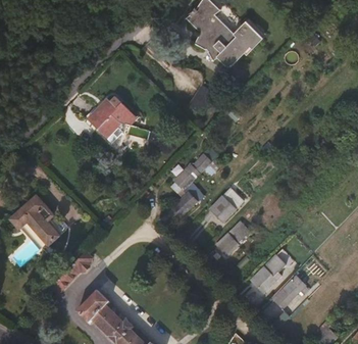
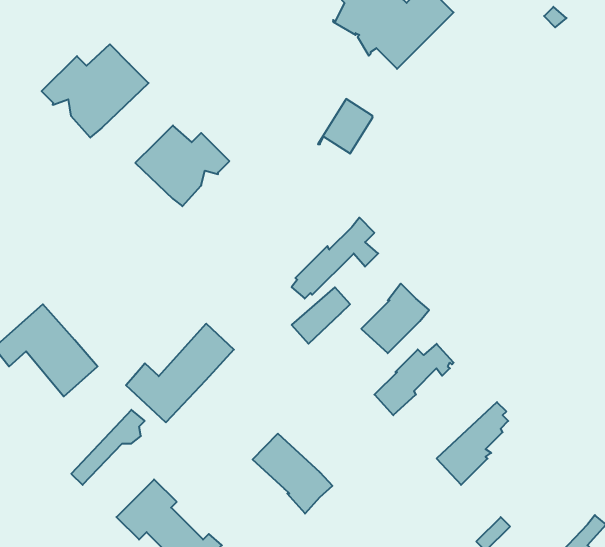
building: none -> [42,44,149,138]
building: none -> [126,324,234,422]
building: none -> [253,434,332,514]
building: [270,274,309,309] -> none

